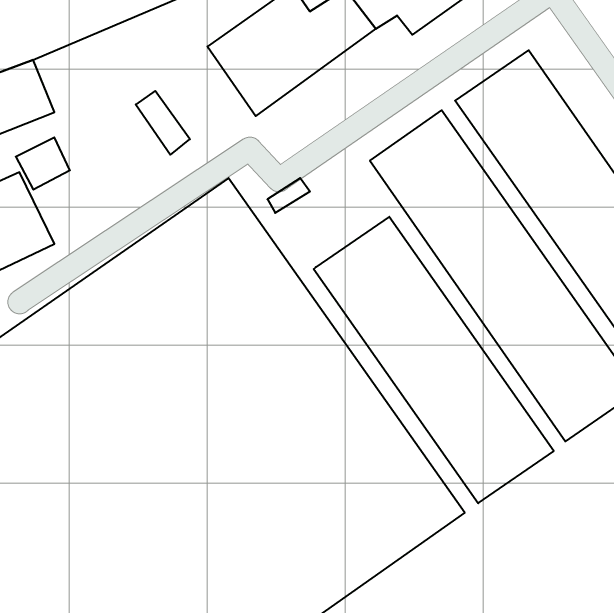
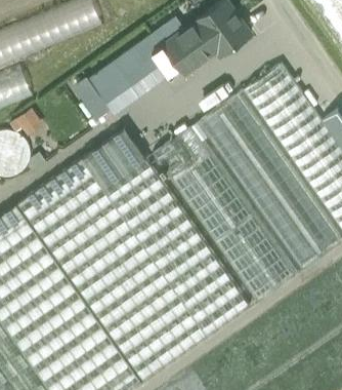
building: none -> [88,60,138,113]
building: none -> [153,125,209,177]

